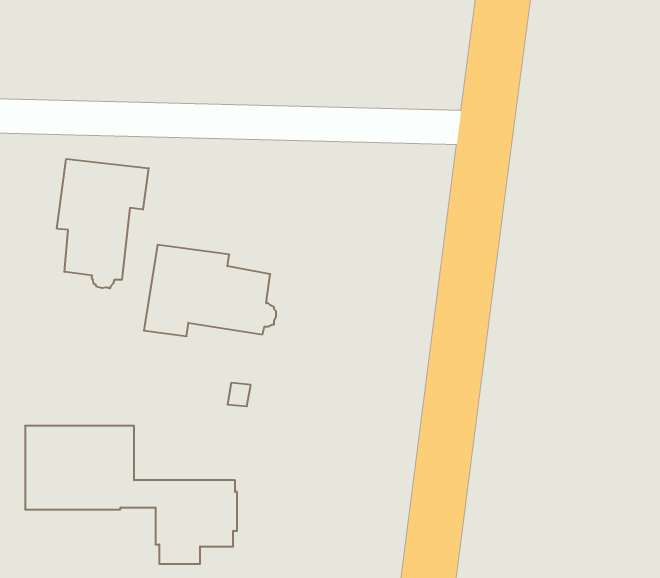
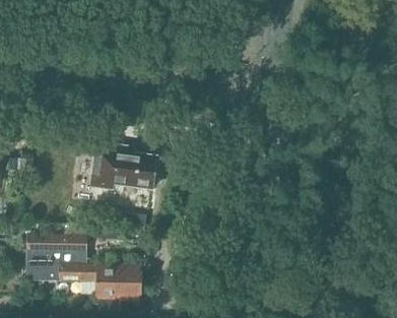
building: [57,159,149,288] -> none

